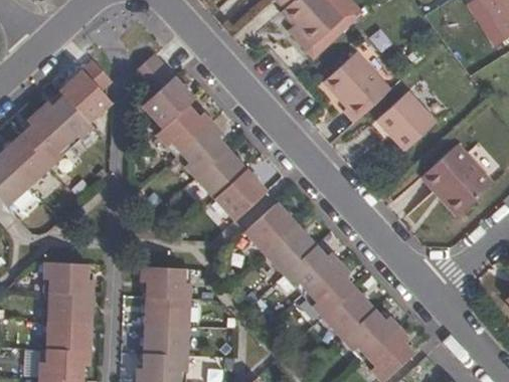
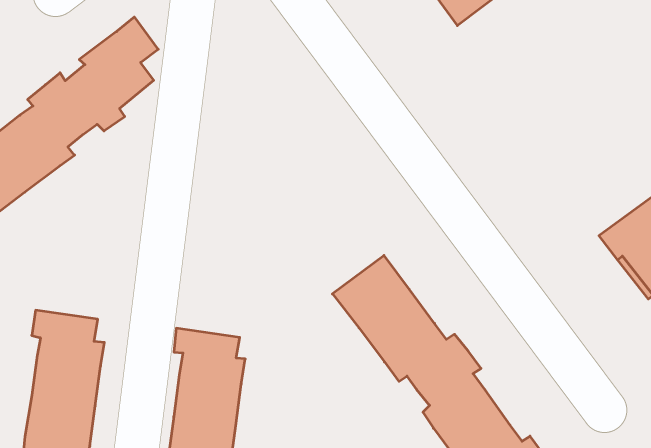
building: [321,51,389,124] -> none
building: [132,53,266,220] -> none
building: [374,90,435,149] -> none

